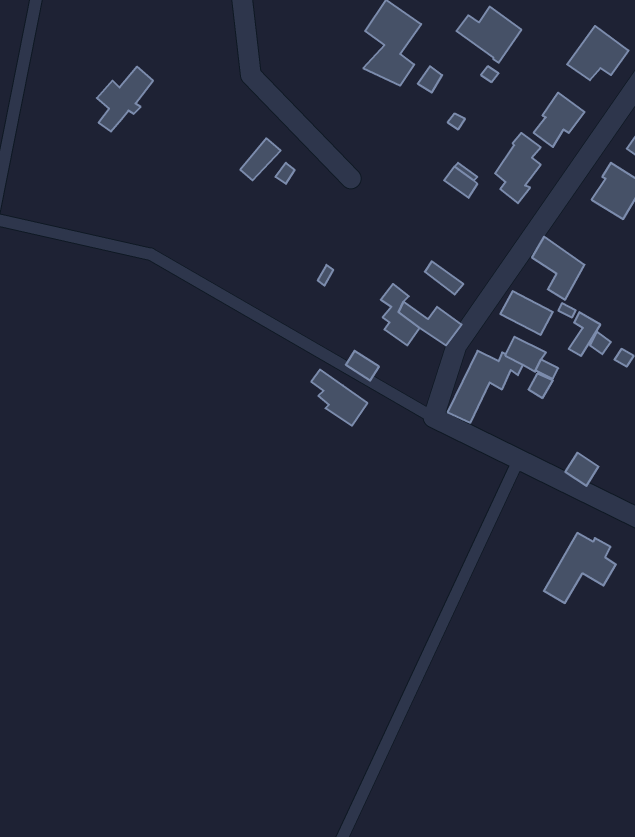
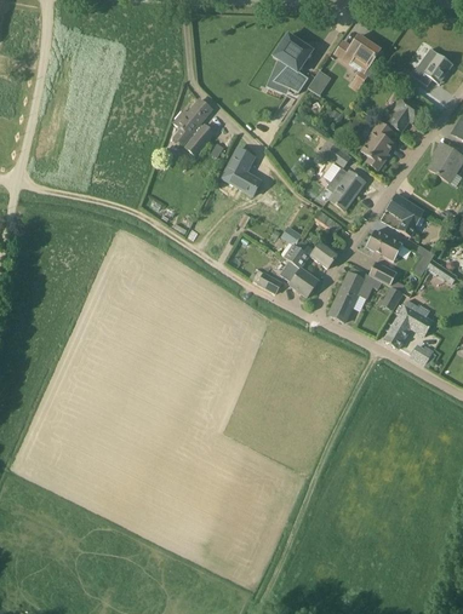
building: [97,67,153,132] -> [173,98,212,143]
building: none -> [221,147,262,194]
building: none -> [327,167,366,210]
building: [311,370,367,426] -> [280,257,319,295]
building: [544,533,616,603] -> [384,299,434,348]

